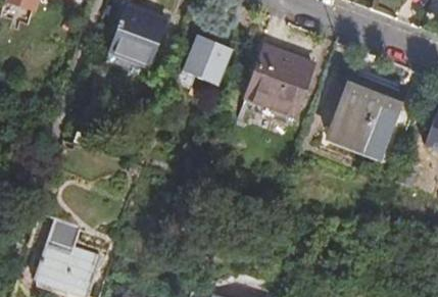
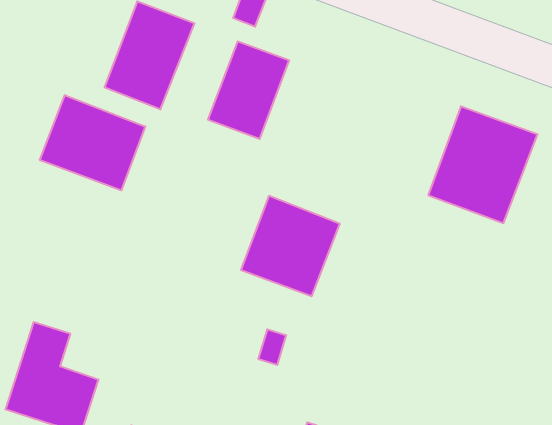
building: [245,43,313,112] -> [241,196,340,296]
building: none -> [40,95,145,190]

